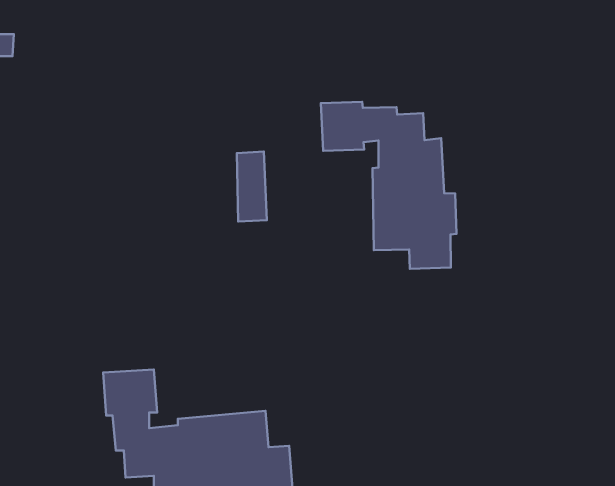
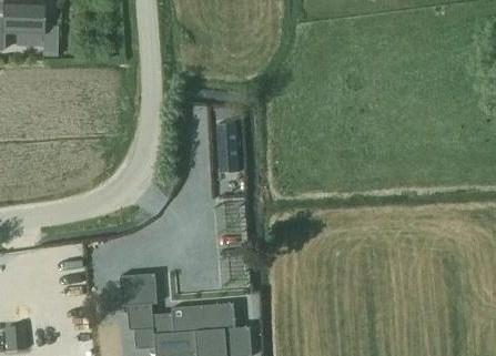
building: [321,102,456,269] -> none

